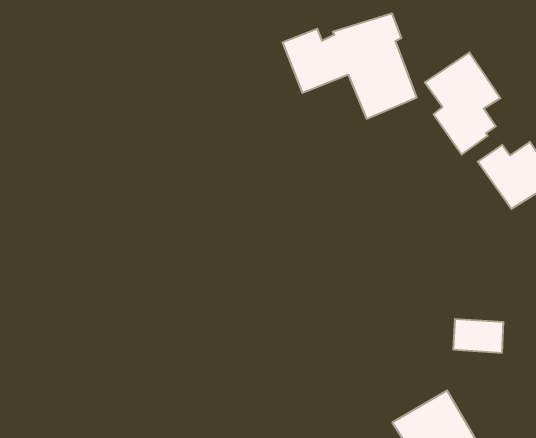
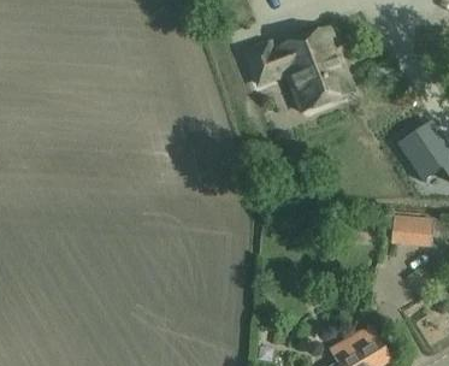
building: [425,52,500,155] -> none
building: [453,319,504,353] -> [392,217,432,243]

